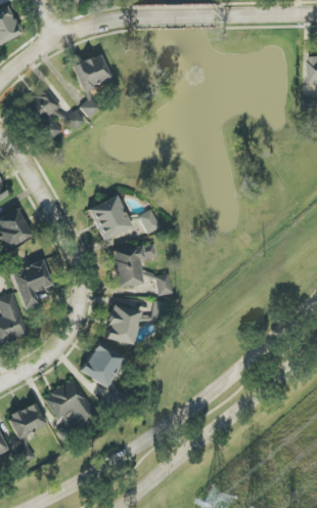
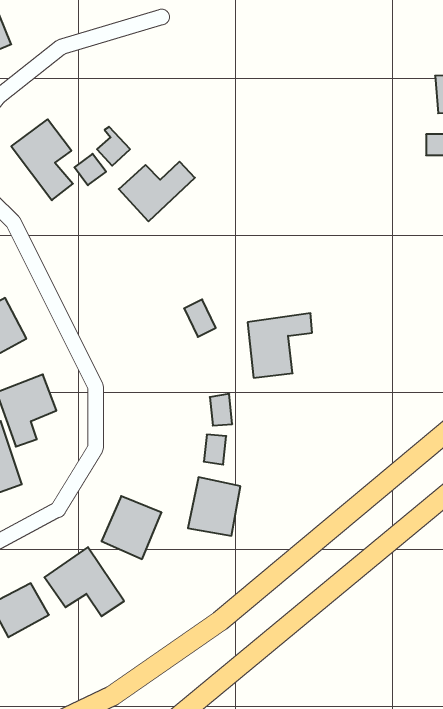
building: [73,54,110,89] -> none
building: none -> [119,162,195,221]
building: [88,195,133,241] -> none
building: [112,244,156,288] -> [248,313,312,378]
building: [105,304,141,344] -> [188,477,240,536]

